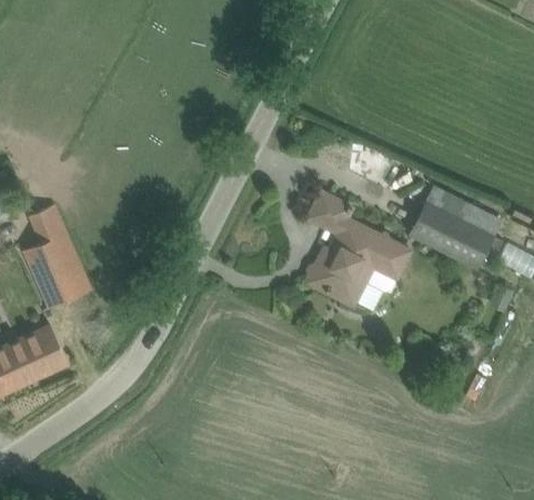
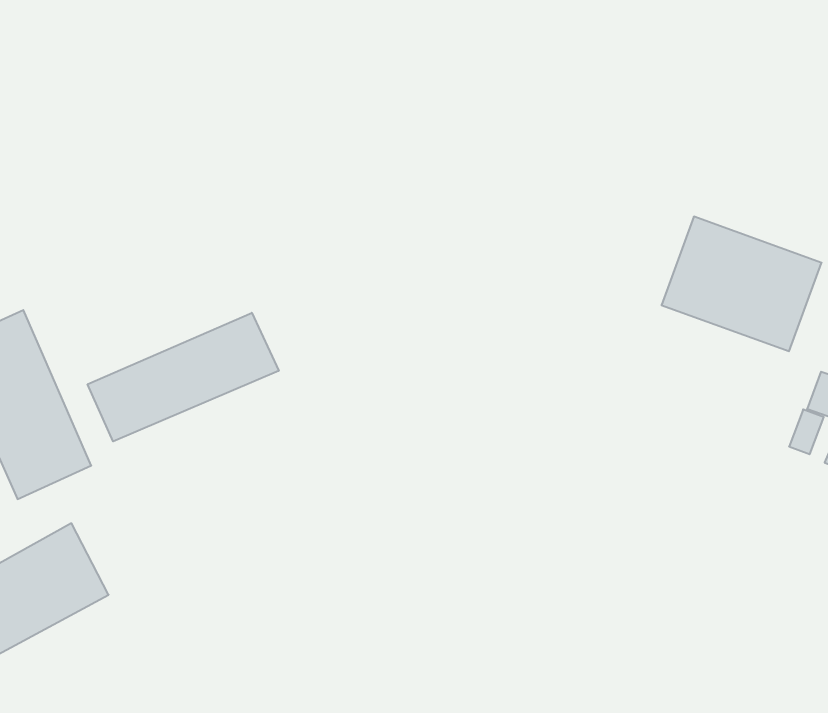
building: [305,187,415,307] -> none
building: none -> [88,313,279,441]

